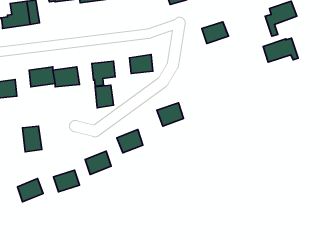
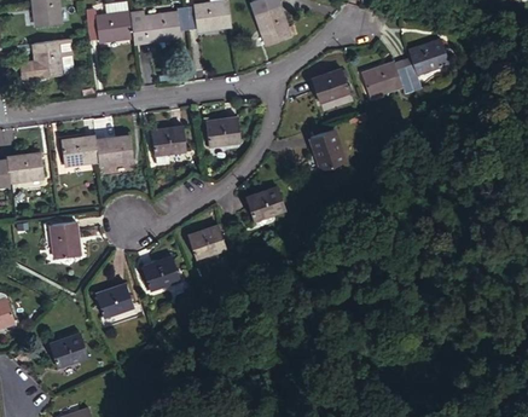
building: [263,38,298,62] -> [361,62,412,97]
building: none -> [311,129,344,170]
building: [95,85,113,108] -> none
building: [17,179,43,202] -> [50,334,87,367]

